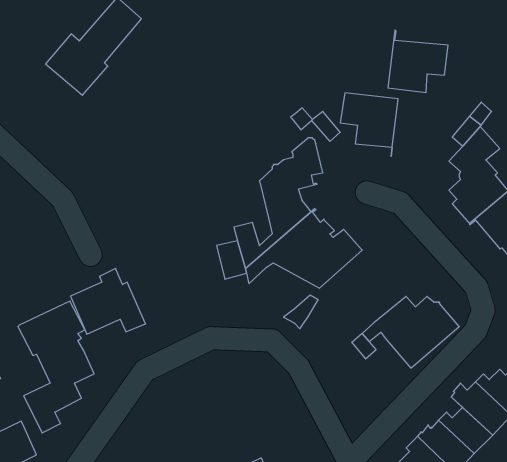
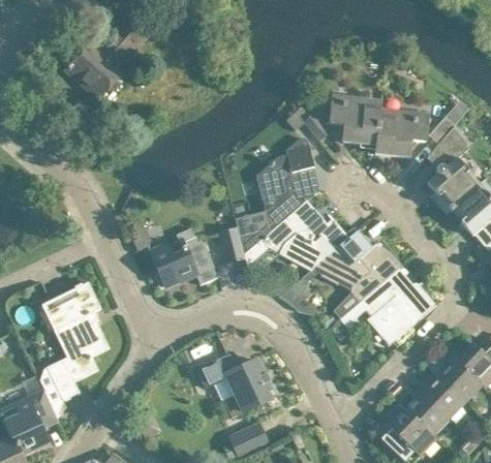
building: [388,30,448,93] -> [374,101,428,157]
building: none -> [310,229,402,302]
building: [71,268,146,334] -> [150,227,217,286]
building: none -> [196,354,270,418]

